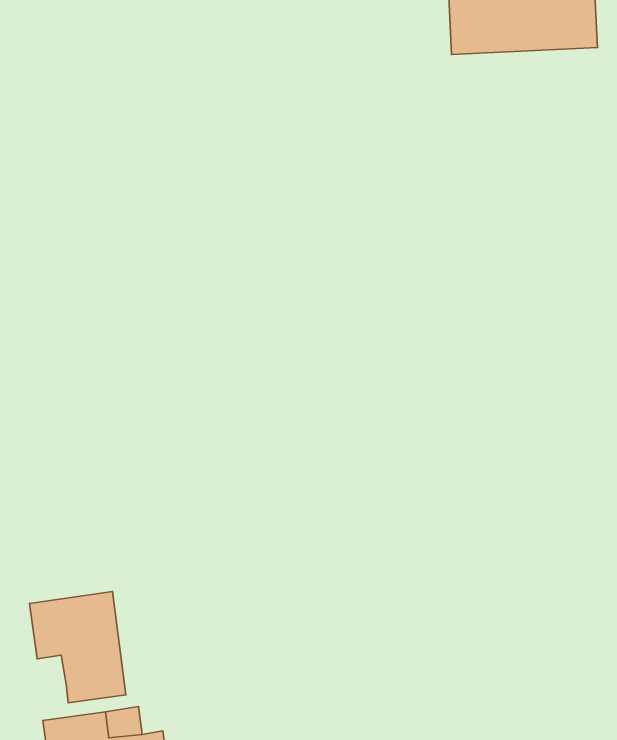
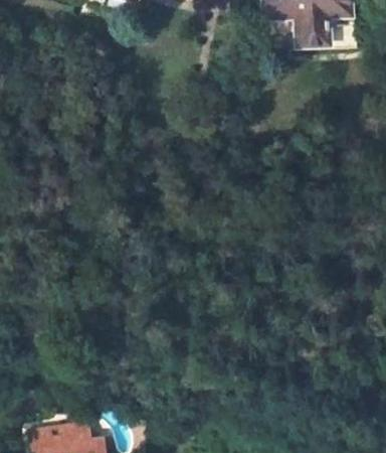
building: [29,591,126,703] -> none

